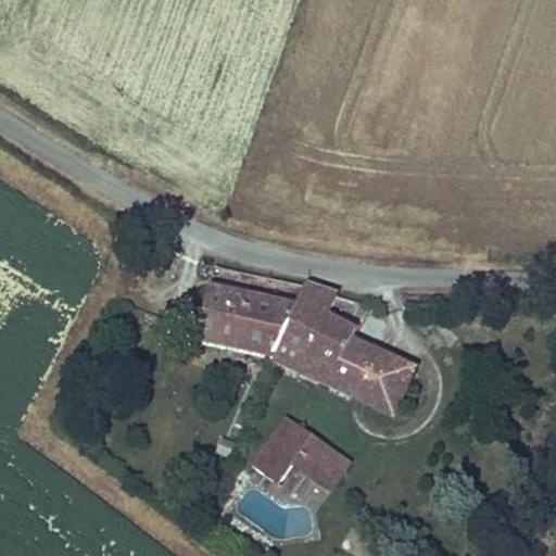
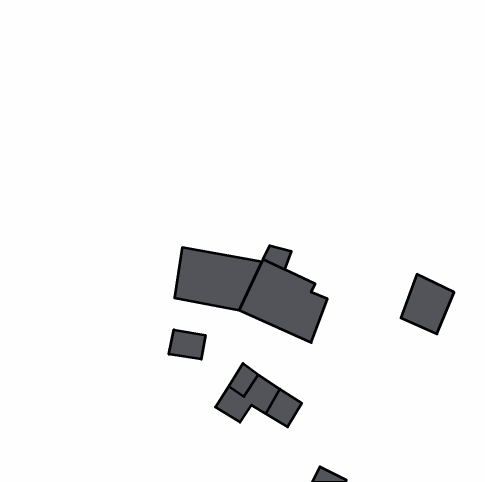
building: [356,342,417,410] -> [401,274,454,334]
building: none -> [169,330,205,359]

